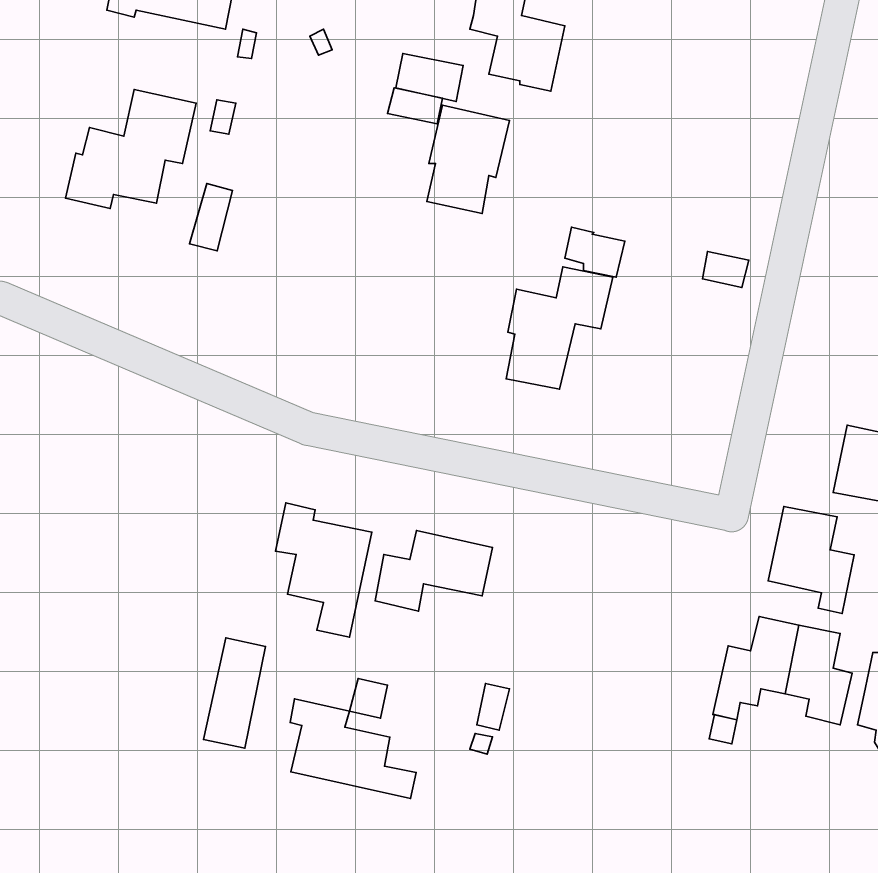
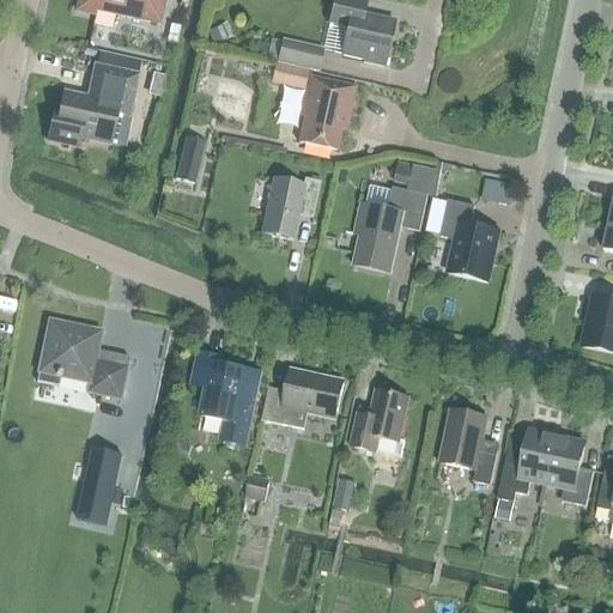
building: [189,184,233,251] -> [175,134,205,181]
building: none -> [261,175,320,237]
building: none -> [426,196,499,280]
building: none -> [36,317,127,396]
building: [768,507,854,613] -> [439,408,499,482]
building: none -> [350,389,407,454]
building: [204,638,266,748] -> [78,447,121,523]
building: [290,699,416,798] -> none

